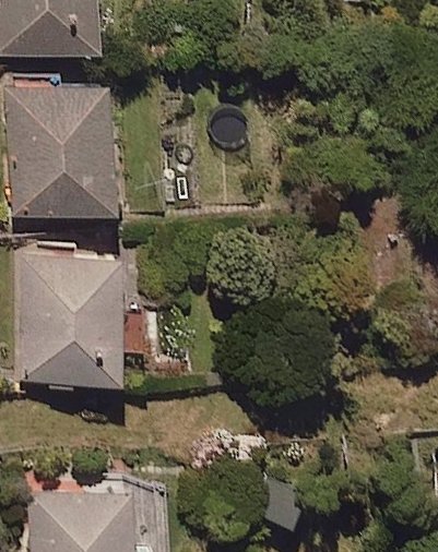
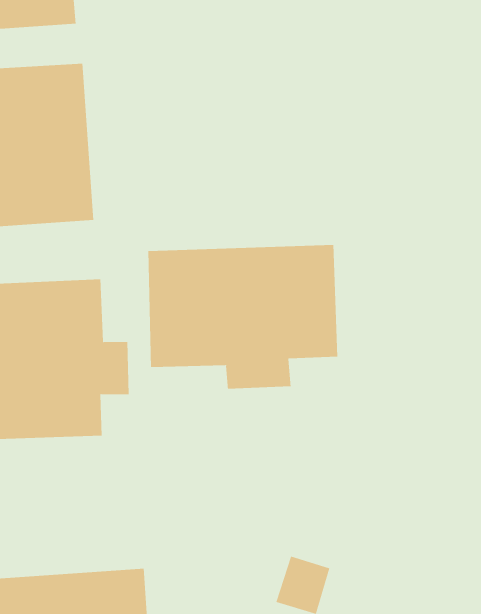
building: none -> [148,244,338,390]

